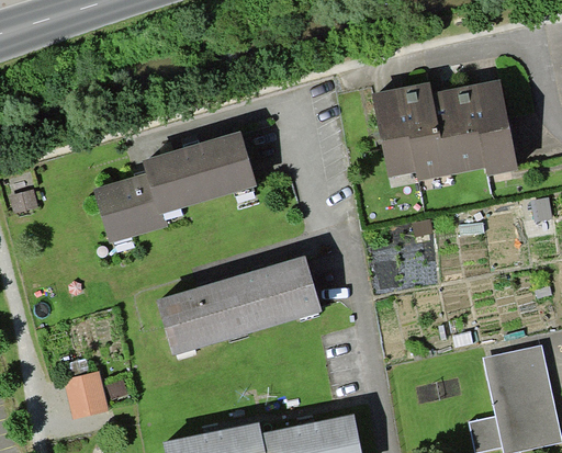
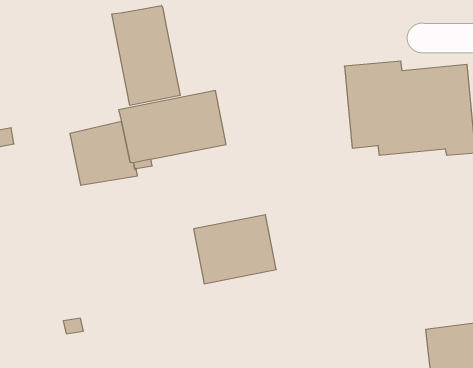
building: none -> [112,5,180,105]
building: [156,276,248,354] -> none
building: [64,371,108,419] -> none

